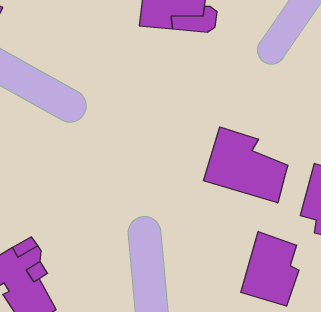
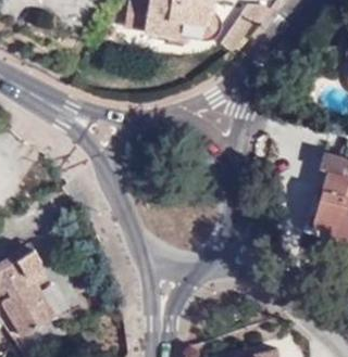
building: [204,127,288,203] -> none
building: [241,231,299,306] -> none

